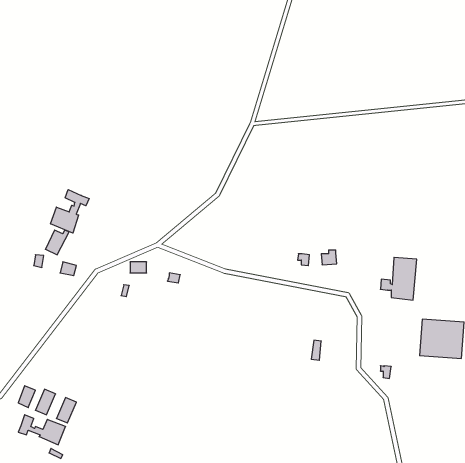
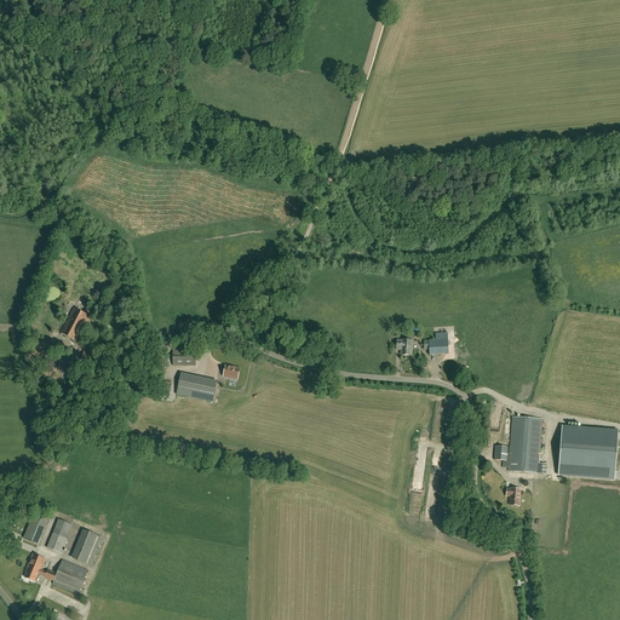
building: [51,190,89,233] -> none
building: [380,257,417,300] -> [494,415,542,472]
building: none -> [177,372,216,400]

